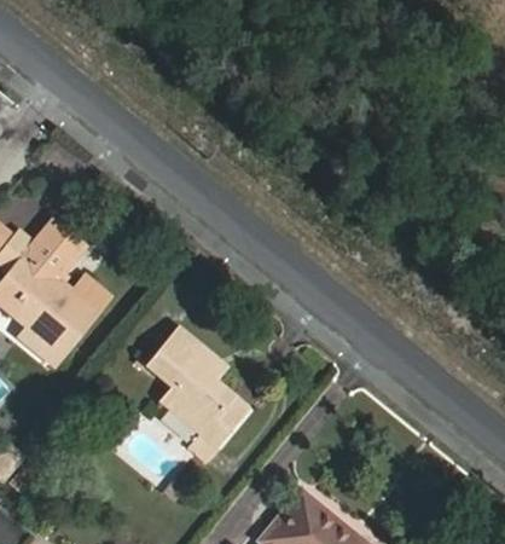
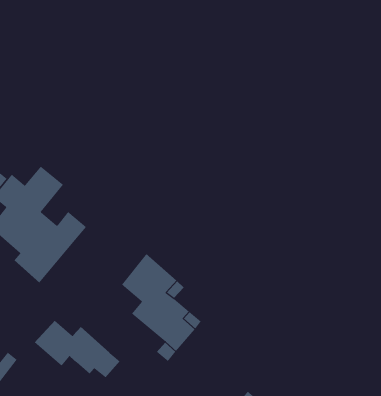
building: none -> [34,320,120,378]

